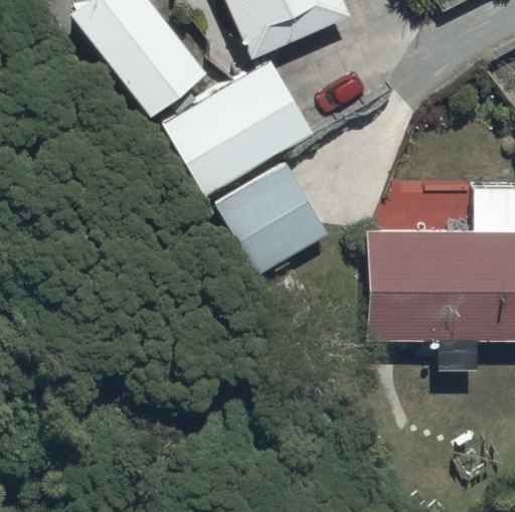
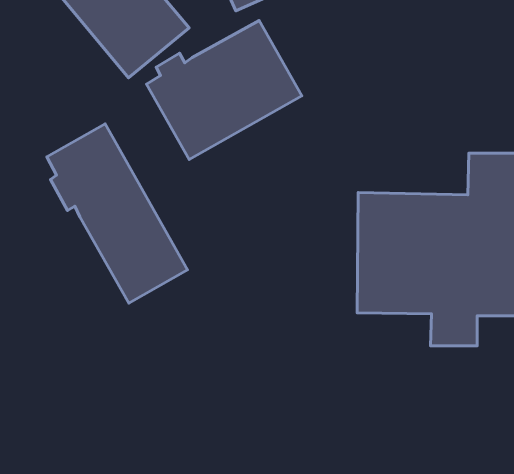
building: none -> [47,124,188,303]
building: [215,160,330,276] -> none

